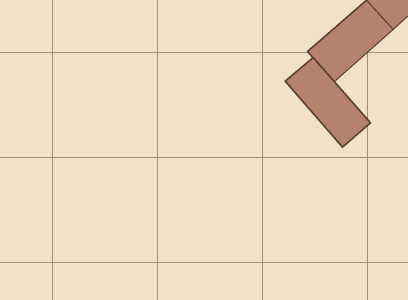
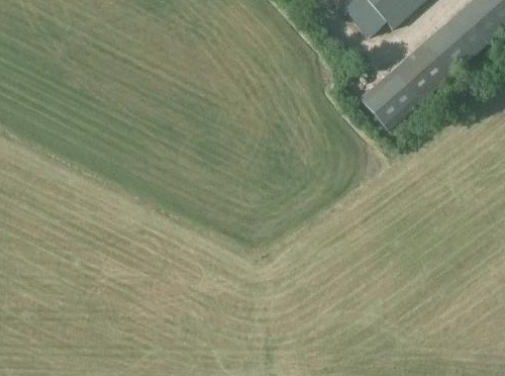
building: [285,58,371,147] -> none

